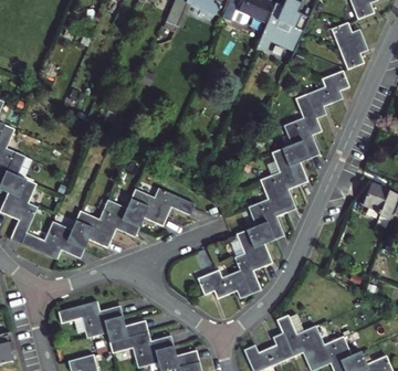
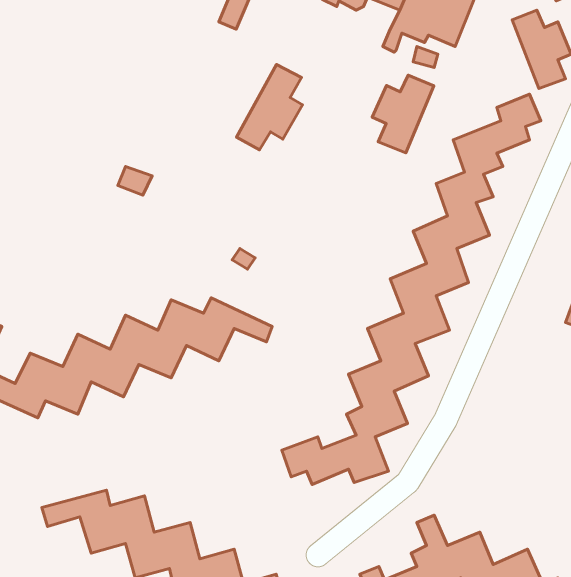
building: none -> [236,65,302,150]
building: none -> [372,75,434,153]

